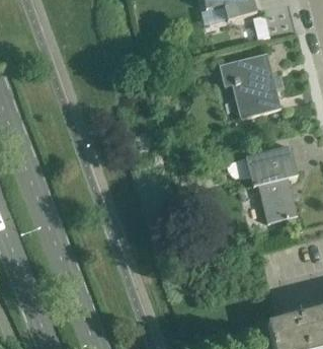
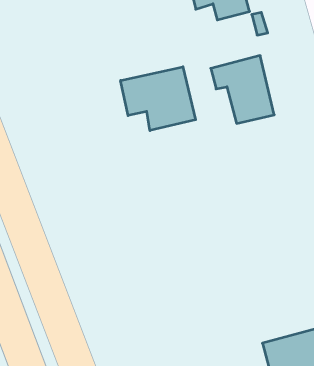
building: none -> [121,67,196,131]
building: [245,145,297,222] -> none

